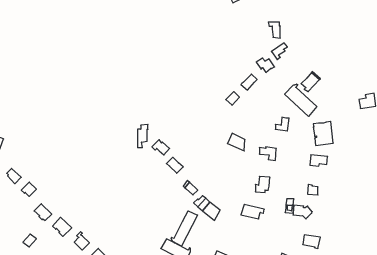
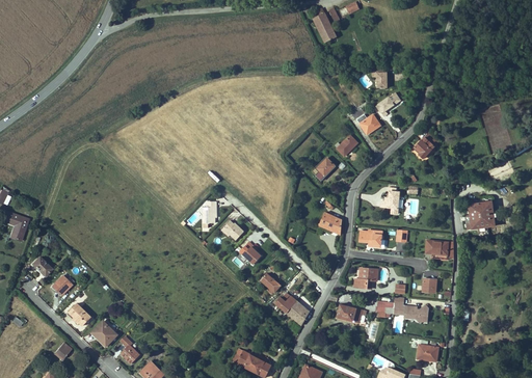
building: [285,84,317,116] -> none
building: [313,121,333,145] -> [468,197,494,228]
building: [171,211,198,246] -> none

